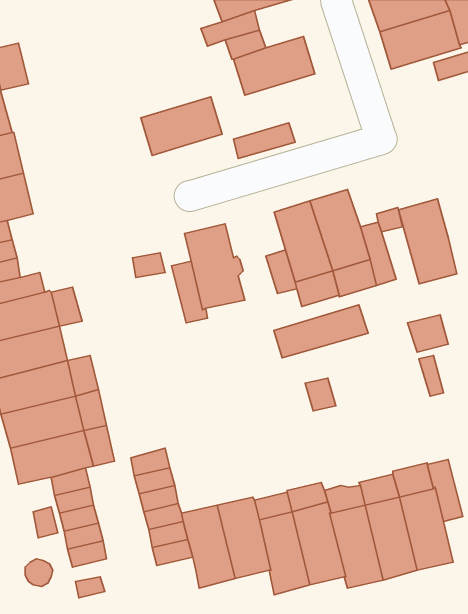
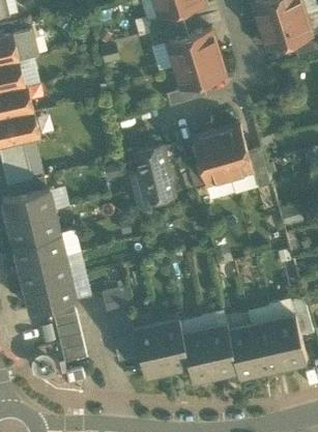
building: [141,97,222,155] -> [174,51,226,88]
building: [398,199,457,284] -> none
building: [274,305,368,358] -> none

